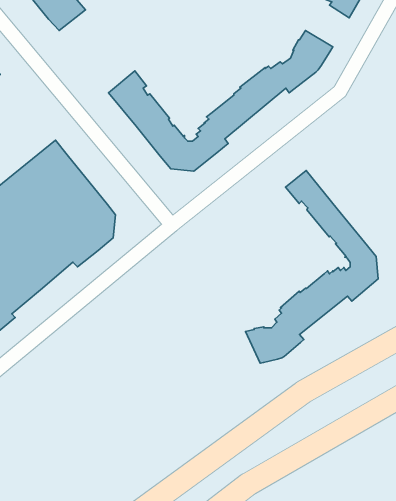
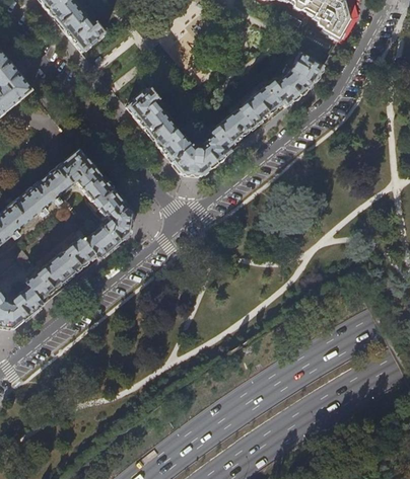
building: [245,171,378,363] -> none

